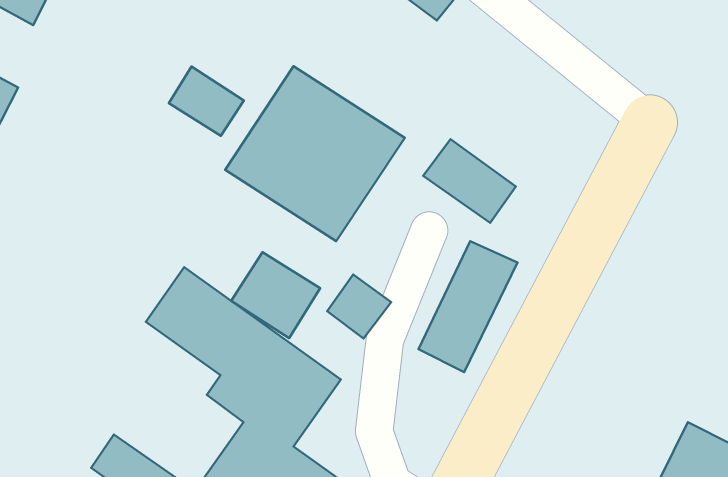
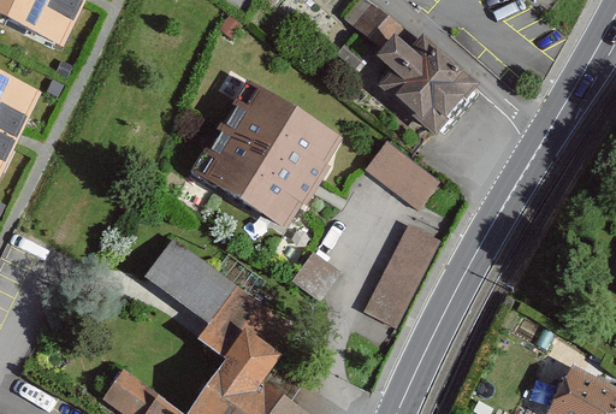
building: none -> [369,39,469,136]
building: [169,67,244,136] -> none
building: [231,252,320,338] -> none

